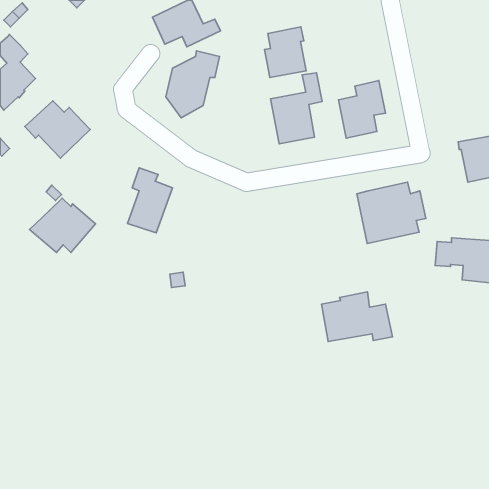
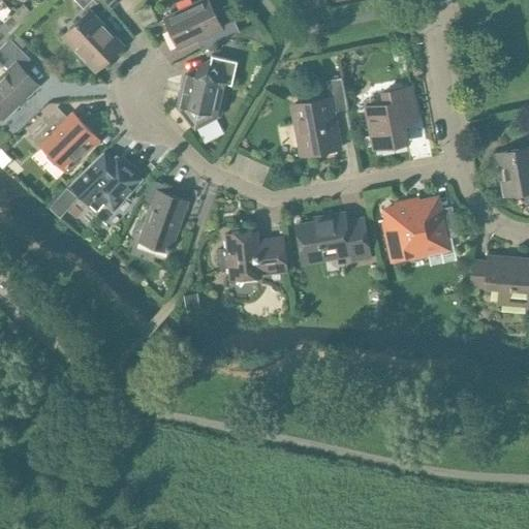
building: none -> [63,11,122,71]
building: [265,27,306,78] -> none
building: [29,198,96,253] -> [69,152,141,211]
building: none -> [218,234,286,281]
building: [321,292,392,342] -> [297,212,373,266]

